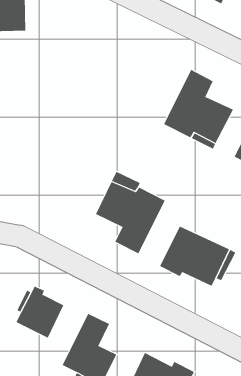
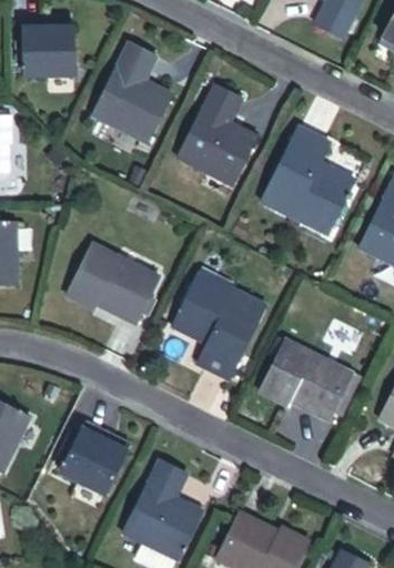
building: none -> [95,42,169,139]
building: none -> [180,82,255,181]
building: none -> [67,243,159,321]

